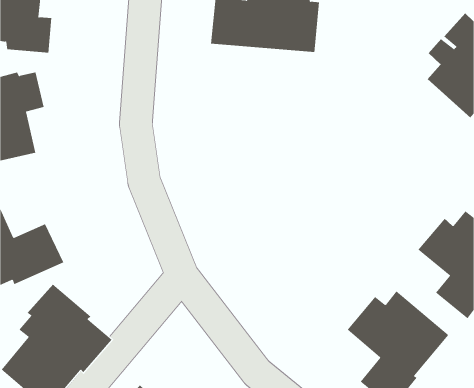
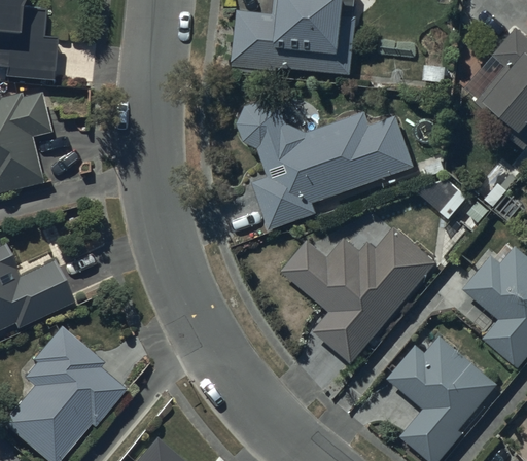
building: none -> [238,101,412,226]
building: none -> [281,227,438,364]

